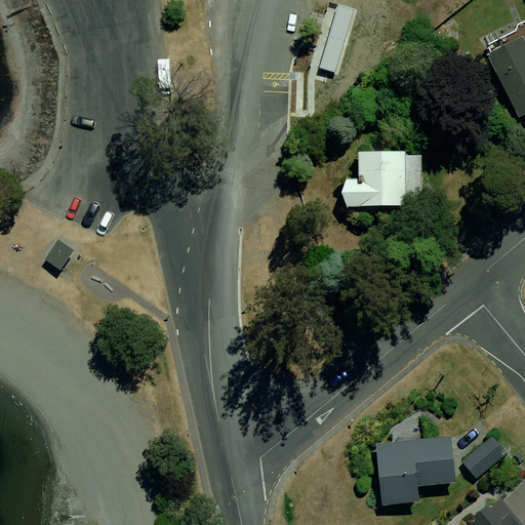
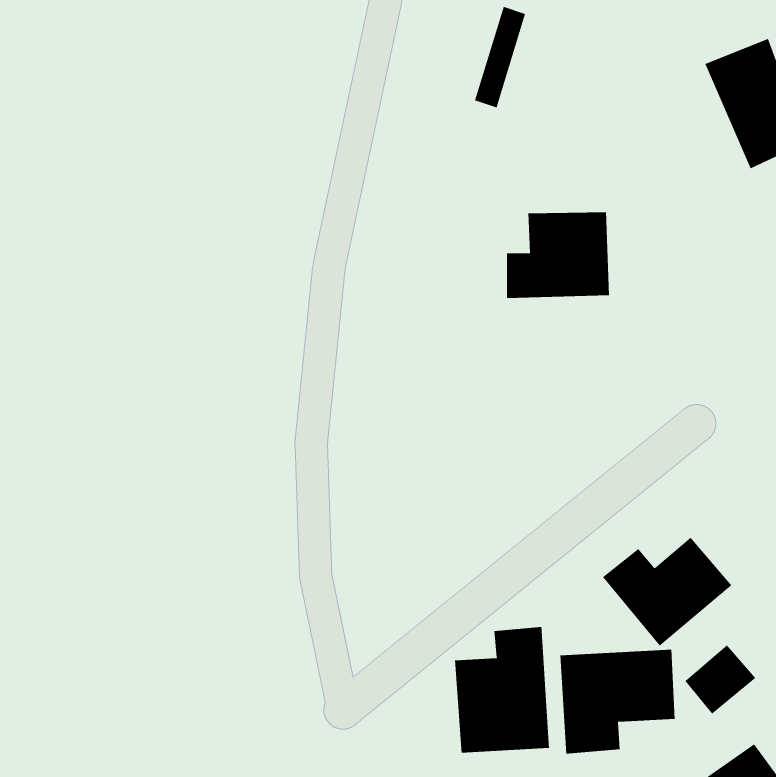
building: none -> [602,537,732,646]
building: none -> [455,626,549,753]

